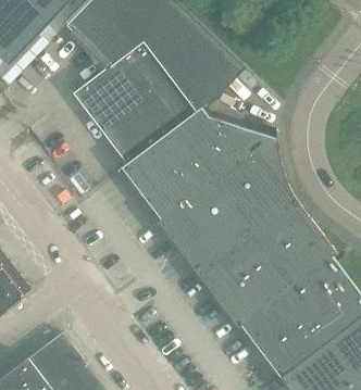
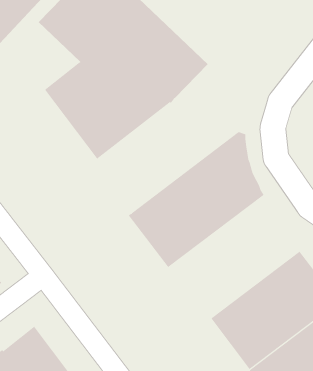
building: [121,106,269,218] -> none
building: [197,200,336,327] -> none

